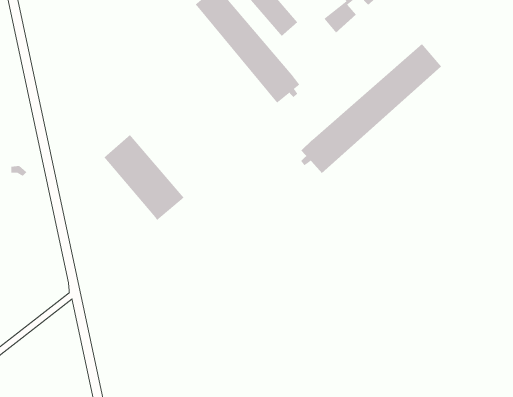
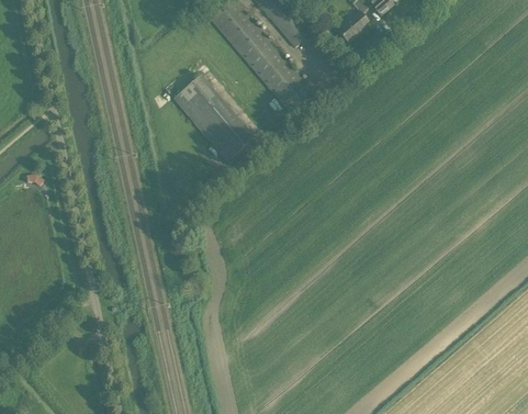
building: [300,43,442,174] -> none
building: [103,134,184,221] -> [173,75,254,160]

